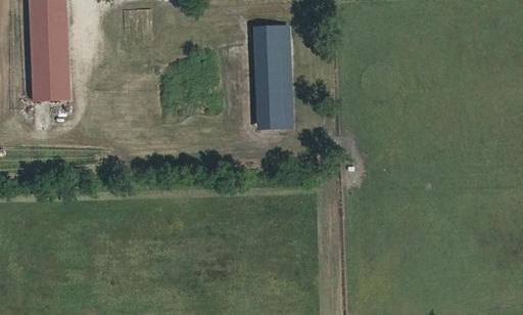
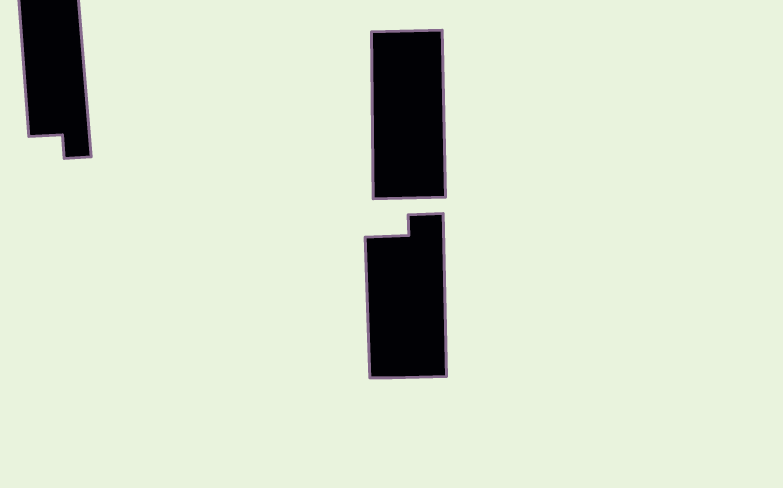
building: none -> [365,214,447,378]

